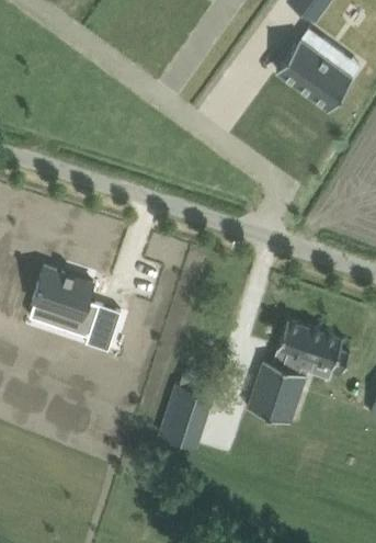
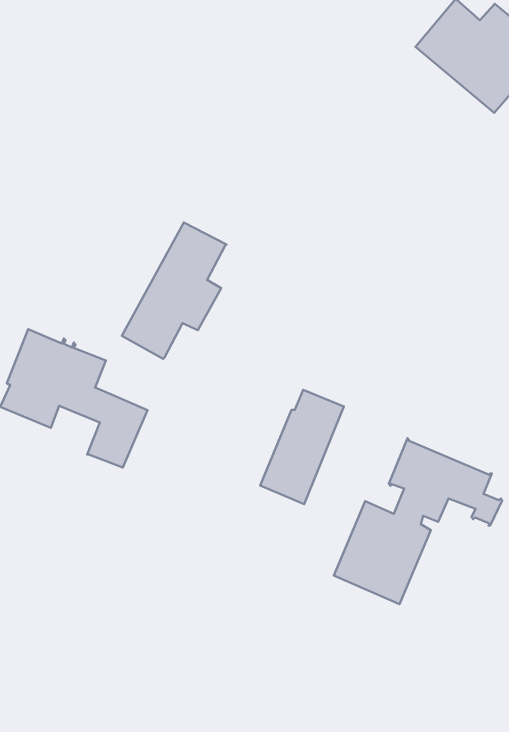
building: none -> [122,223,227,359]
building: [161,373,210,445] -> [260,390,344,504]

